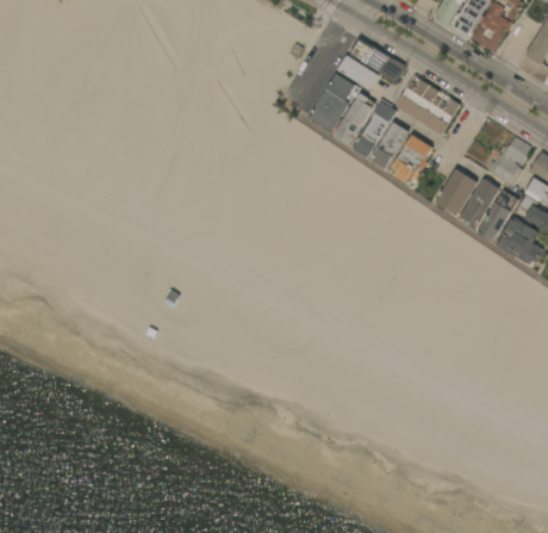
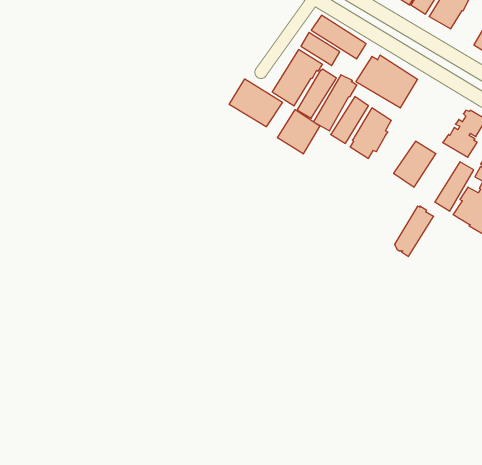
building: none -> [229,79,282,127]
building: none -> [277,110,320,154]
building: [460,178,500,230] -> [395,206,434,256]

